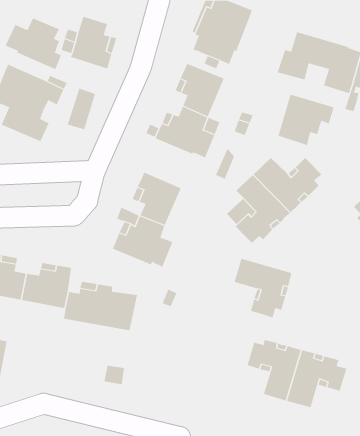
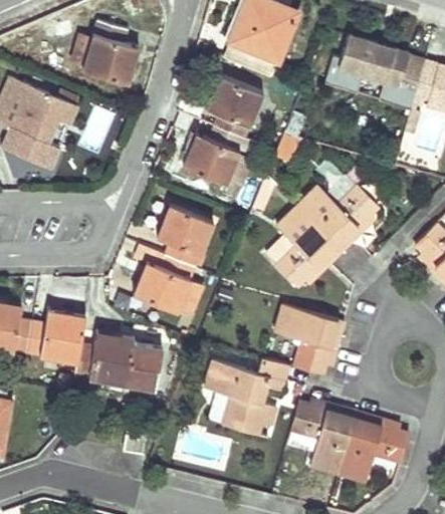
building: [5,17,62,70] -> none
building: [278,94,334,146] -> none
building: none -> [205,357,288,435]

